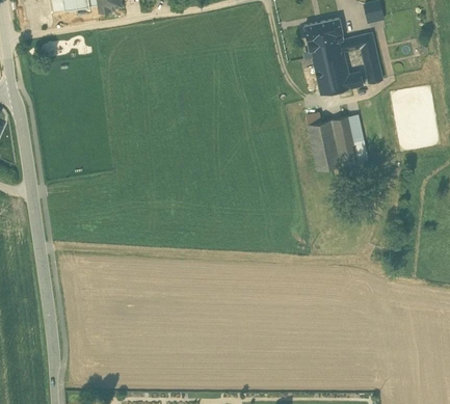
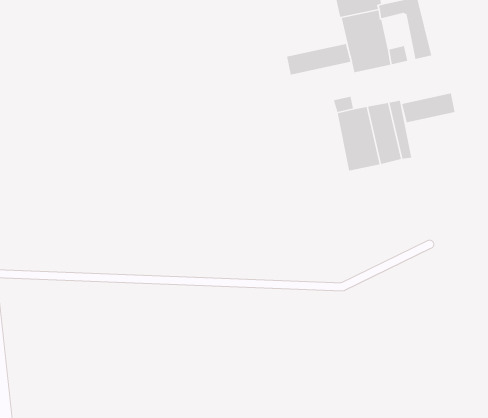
building: none -> [286,43,351,76]
building: none -> [401,92,455,123]

